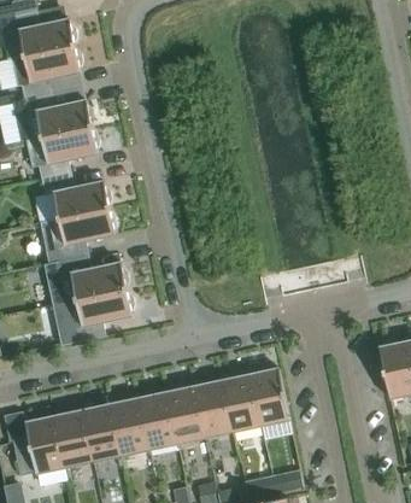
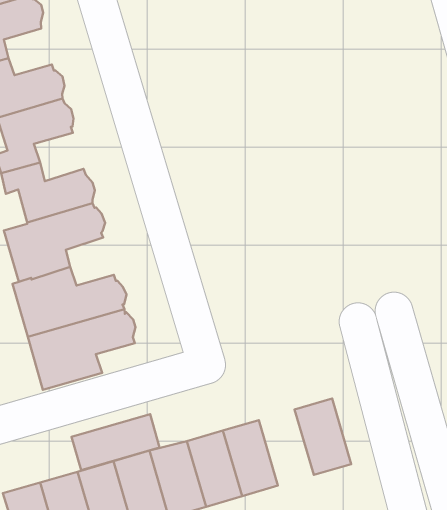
building: none -> [72,414,160,470]
building: [222,374,260,431] -> none

